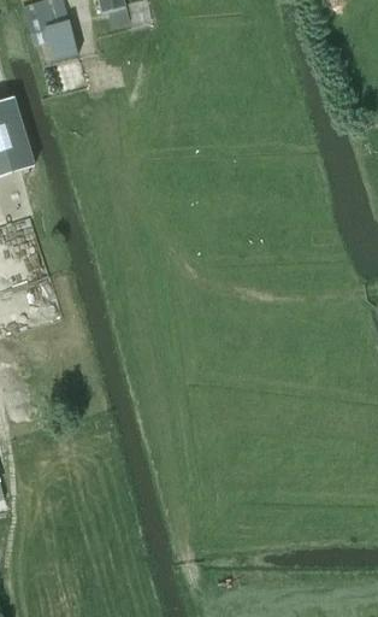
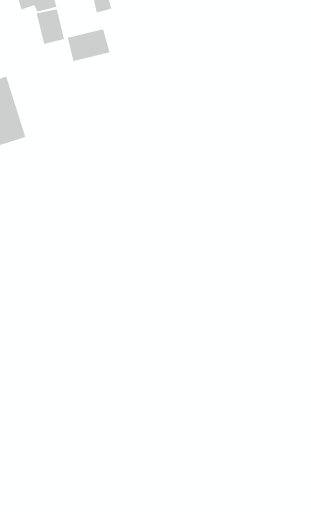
building: none -> [67,29,110,62]

